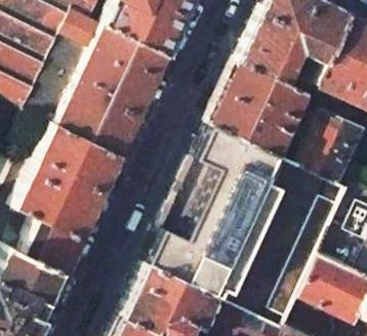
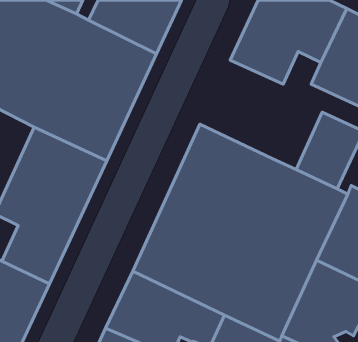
building: [211,62,309,156] -> none

